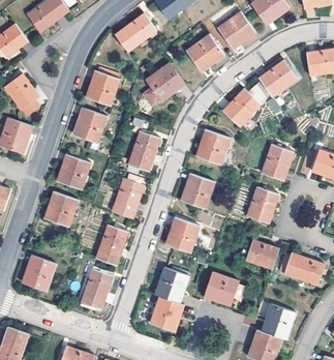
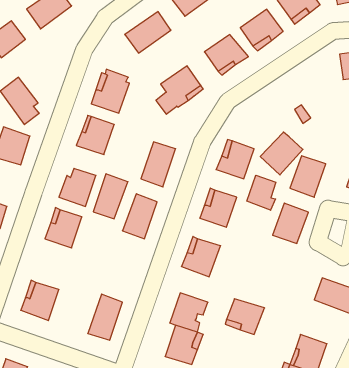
building: [260,60,297,95] -> none
building: [223,89,262,127] -> [260,132,303,175]
building: none -> [247,175,276,210]
building: [97,224,128,265] -> [93,174,128,219]
building: [246,240,279,269] -> none

